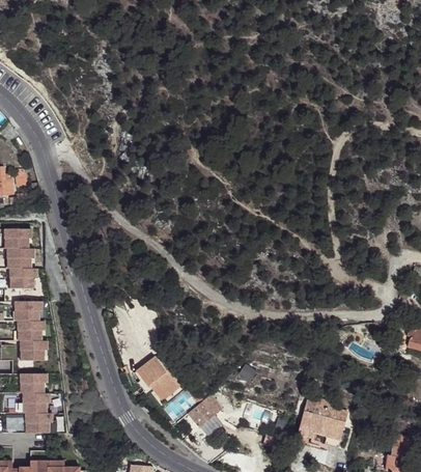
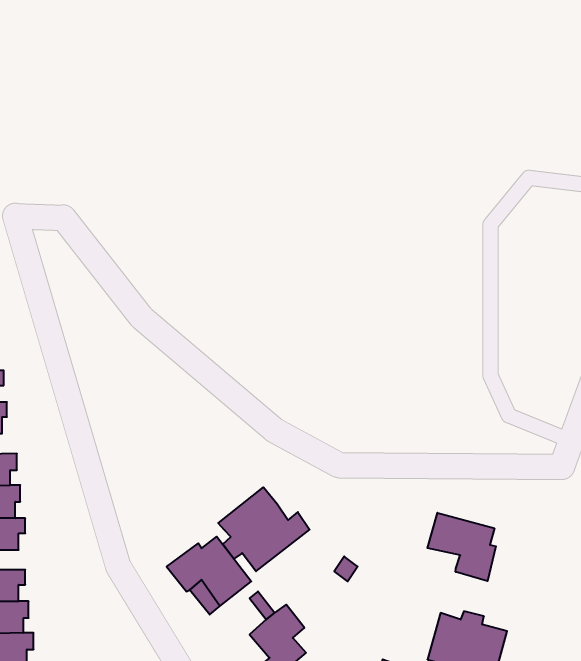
building: none -> [218,487,310,571]
building: none -> [427,513,496,581]

